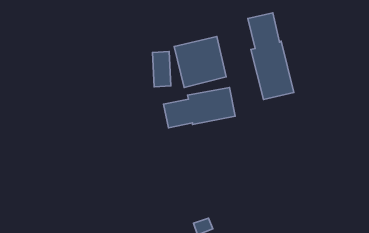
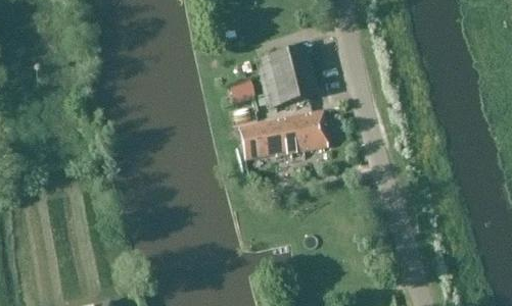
building: [248,13,294,100] -> none

